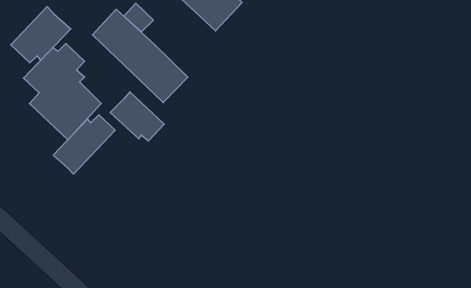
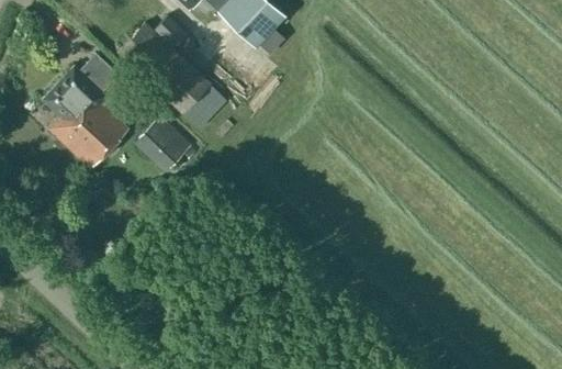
building: [11,7,71,63] -> none
building: [53,115,115,174] -> none

